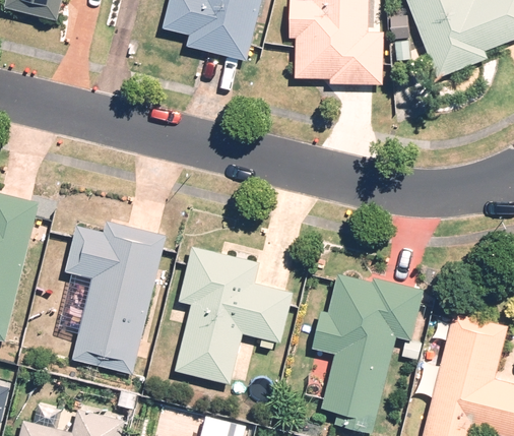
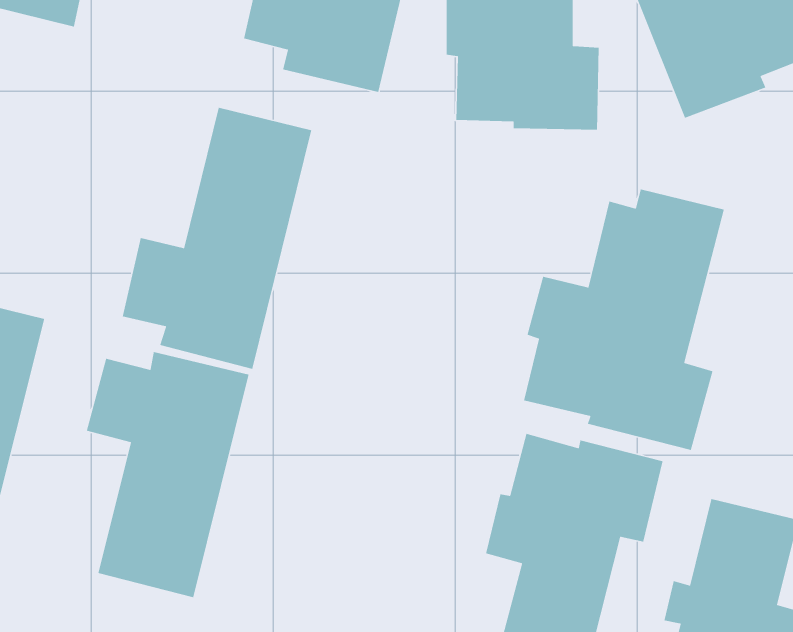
building: none -> [122,107,312,370]
building: none -> [523,188,725,451]
building: [174,245,293,383] -> none

